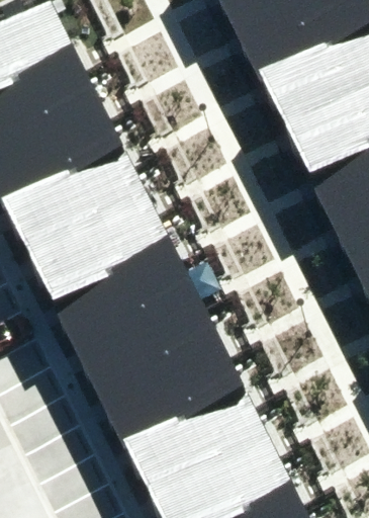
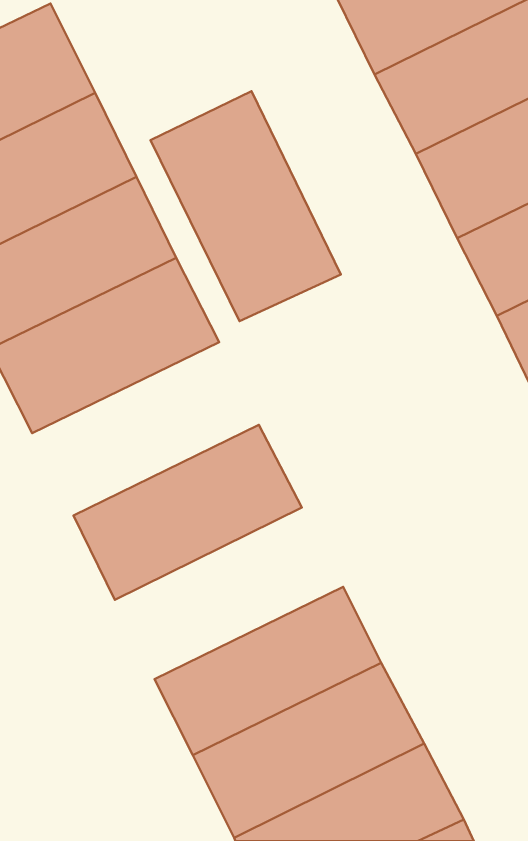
building: none -> [150,91,341,321]
building: [37,211,176,318] -> none
building: [88,313,227,418] -> none

